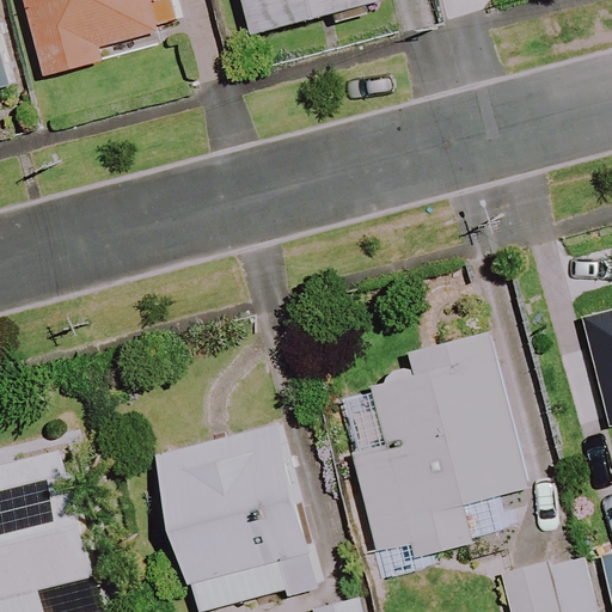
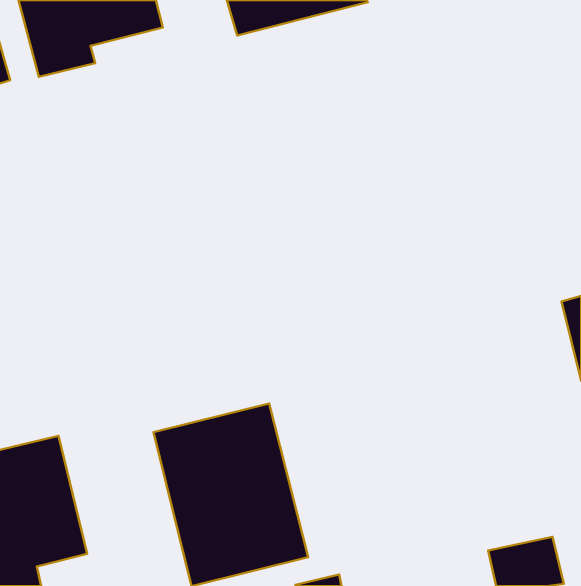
building: [353,335,524,559] -> none

